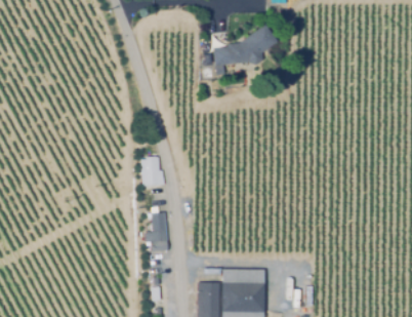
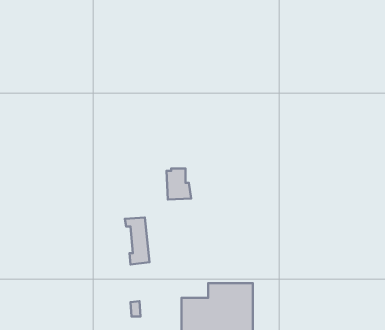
building: [217,24,280,67] -> none
building: [142,158,165,187] -> [167,168,191,200]

